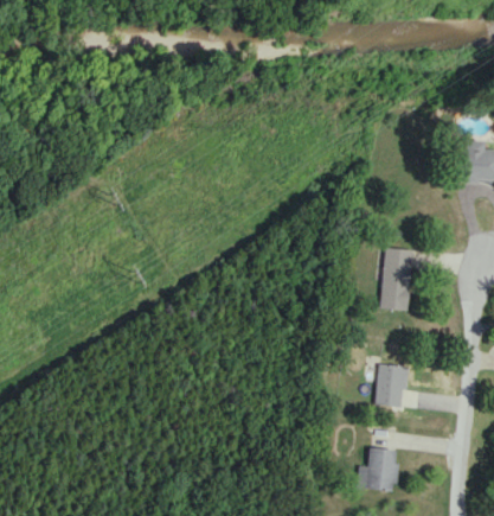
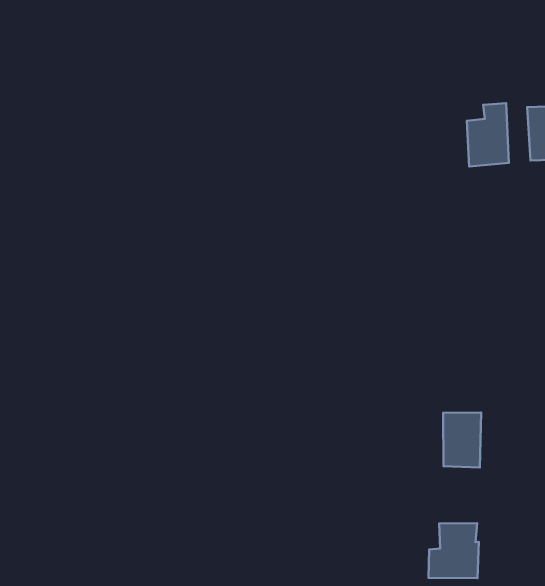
building: none -> [467,103,509,166]
building: [383,248,412,311] -> none

